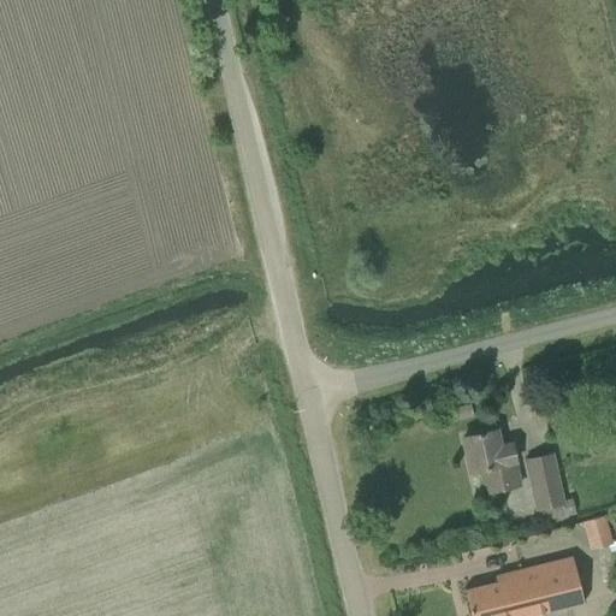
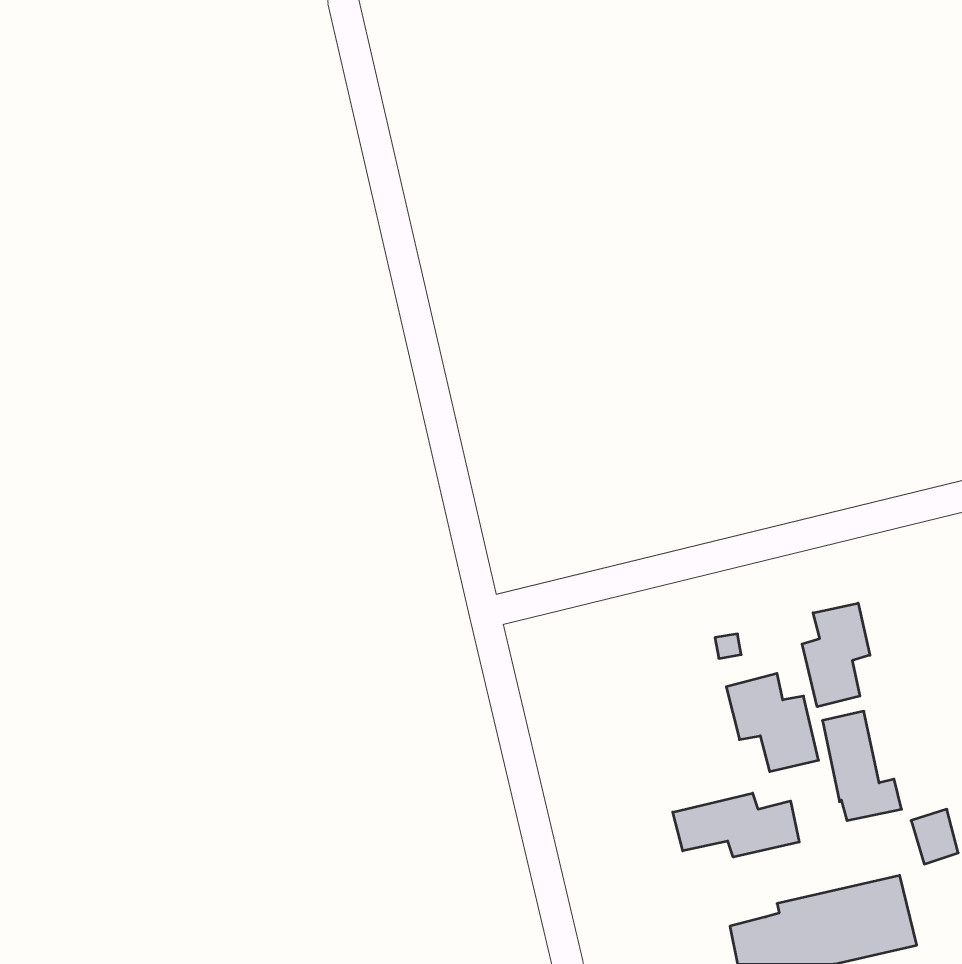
building: none -> [802,603,870,707]
building: none -> [673,793,799,857]

